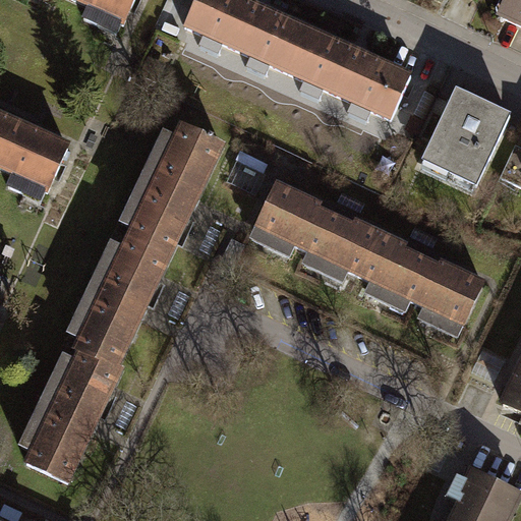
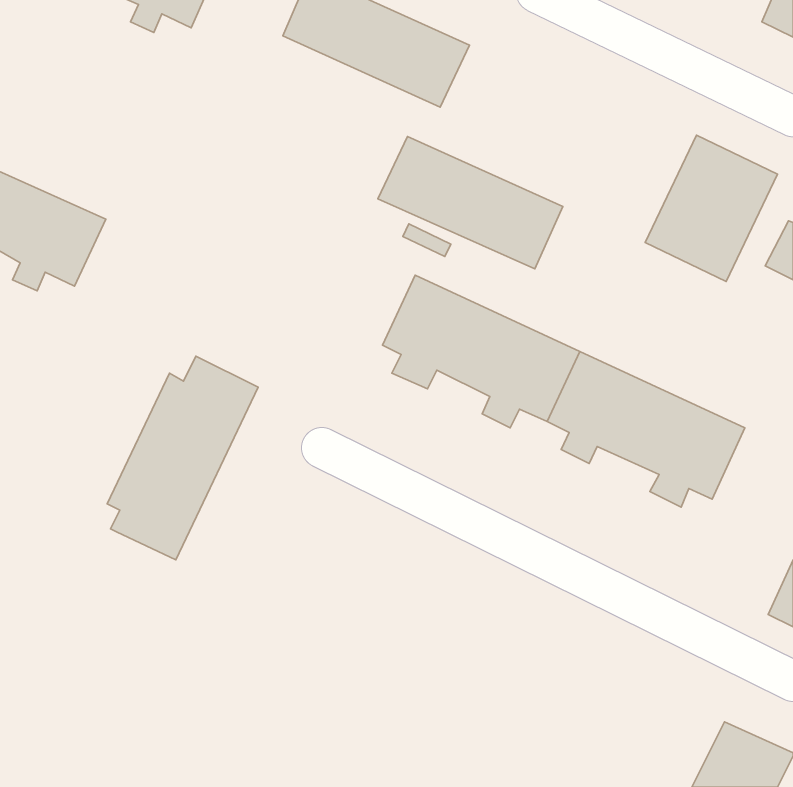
building: [288,30,409,116] -> [378,137,563,269]
building: [126,120,223,253] -> none
building: [21,348,119,481] -> none

